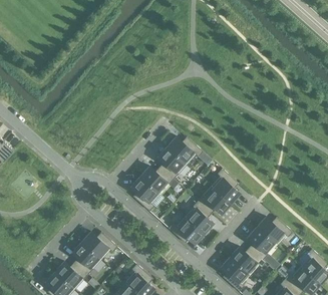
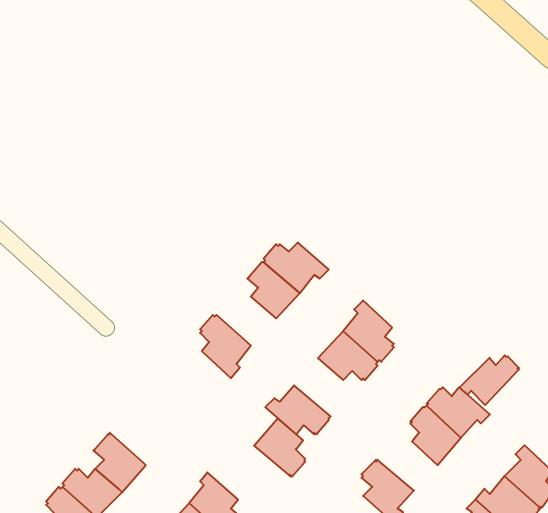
building: [139,169,173,196] -> none
building: none -> [460,355,519,405]
building: [183,203,211,235] -> [254,419,305,477]
building: [80,234,116,262] -> none
building: [229,249,262,276] -> none

